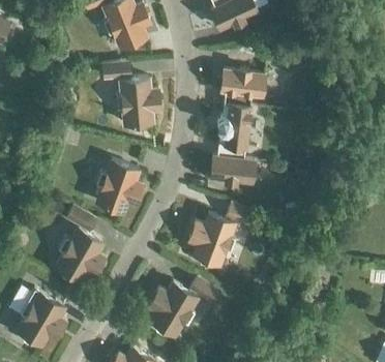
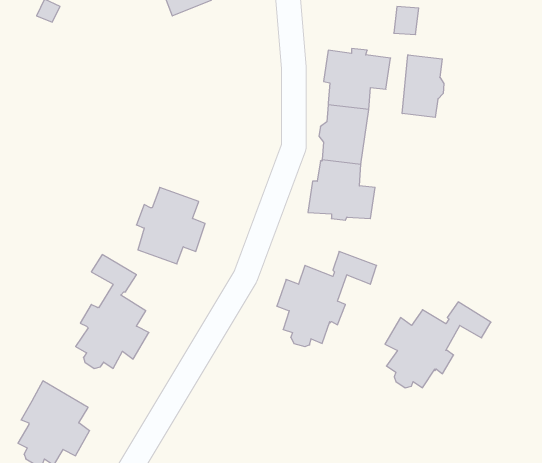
building: [103,63,160,130] -> none
building: none -> [402,55,444,117]
building: [149,278,219,335] -> [385,302,491,388]

